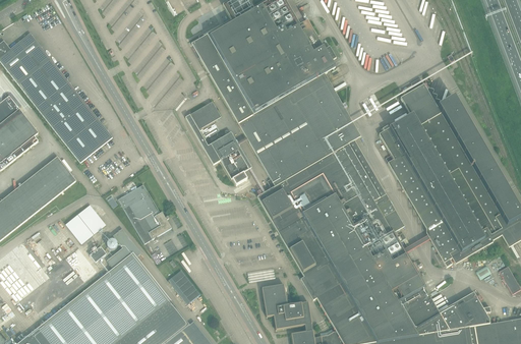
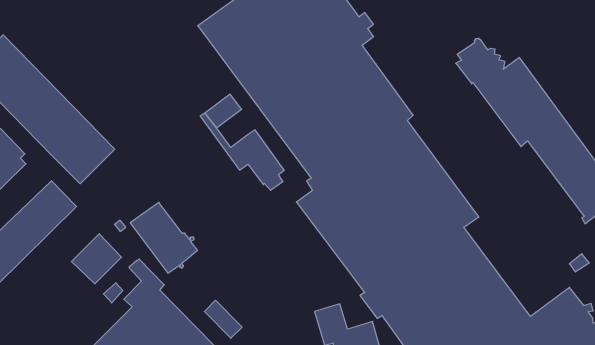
building: [379,114,493,267] -> none

